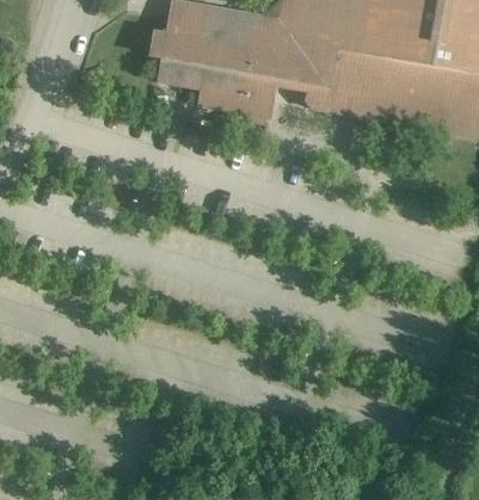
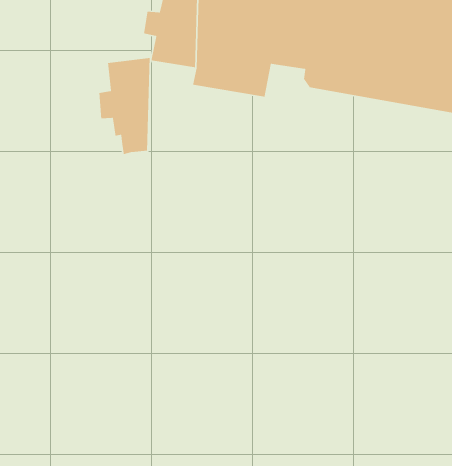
building: none -> [98,57,151,155]

